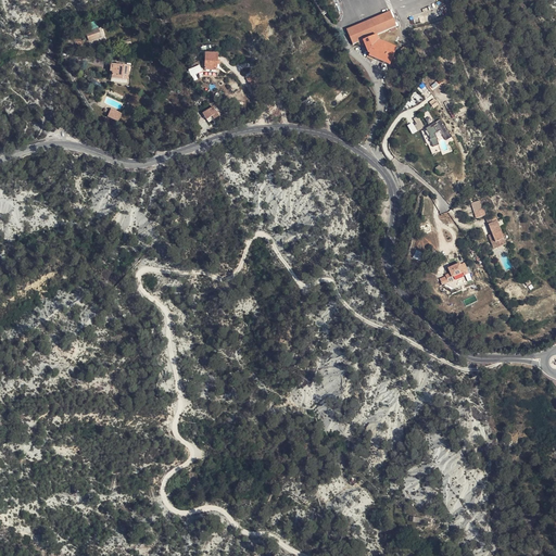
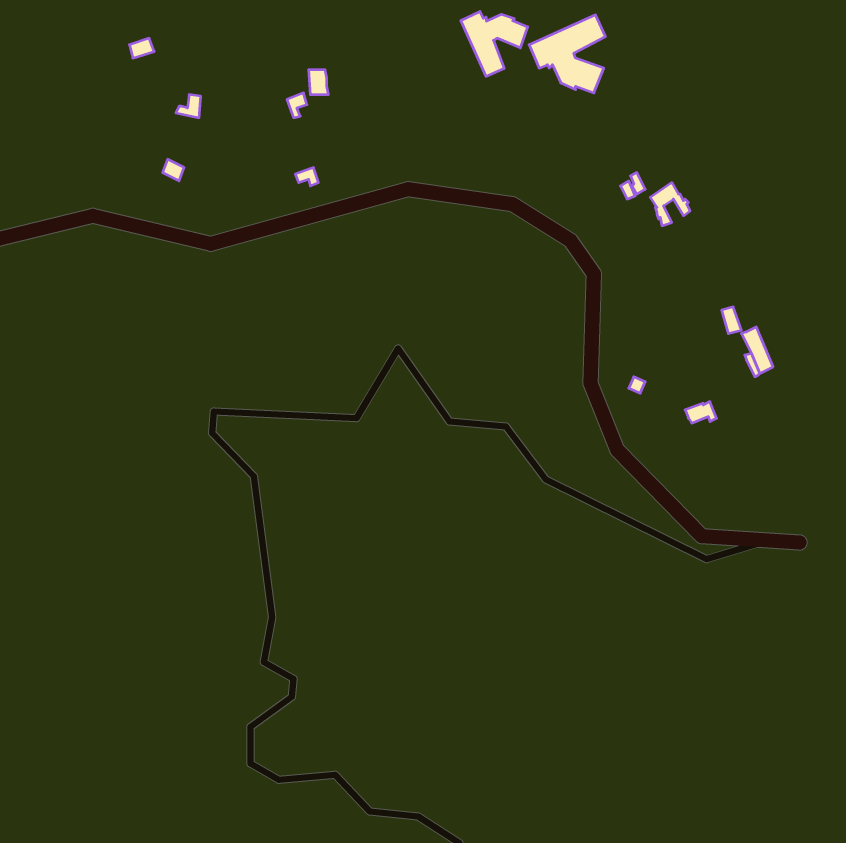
building: none -> [461,11,528,76]

